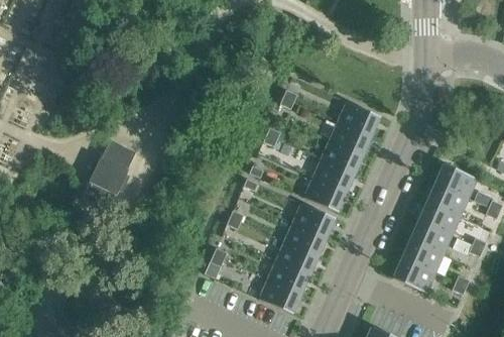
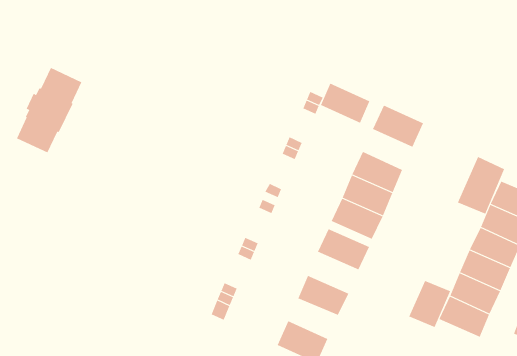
building: [330,121,371,154] -> [320,83,370,123]
building: [82,140,136,211] -> [16,67,82,153]
building: none -> [457,156,505,214]
building: [284,222,327,256] -> none
building: none -> [409,280,451,328]
building: [268,260,309,294] -> none

